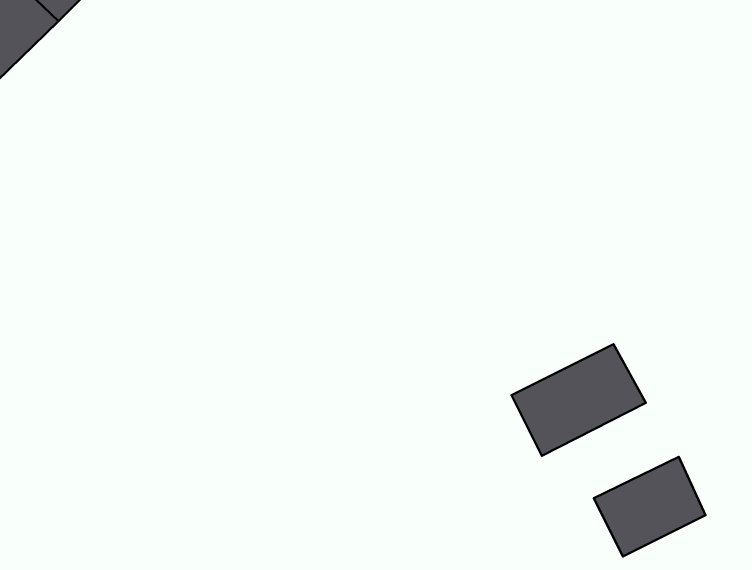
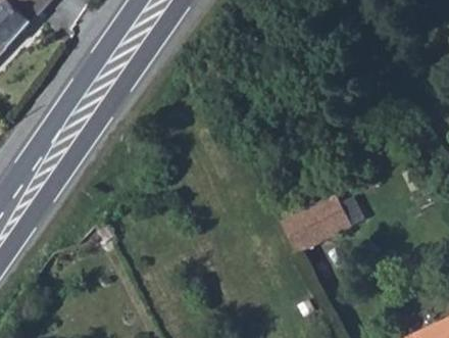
building: [594,457,706,556] -> none

